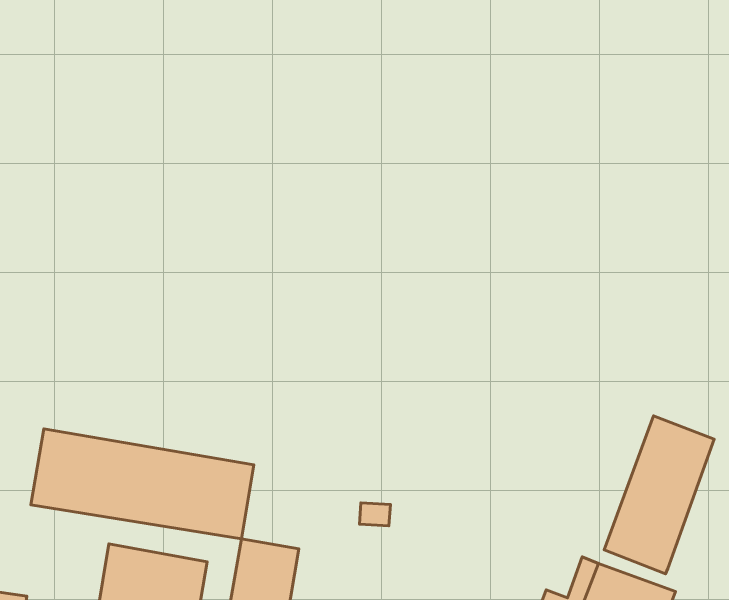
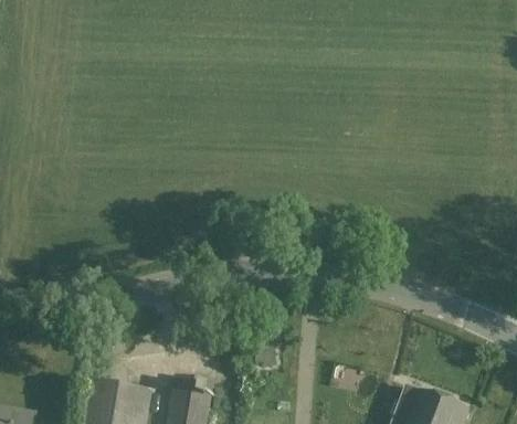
building: [604,416,714,574] -> none
building: [31,429,254,539] -> none

